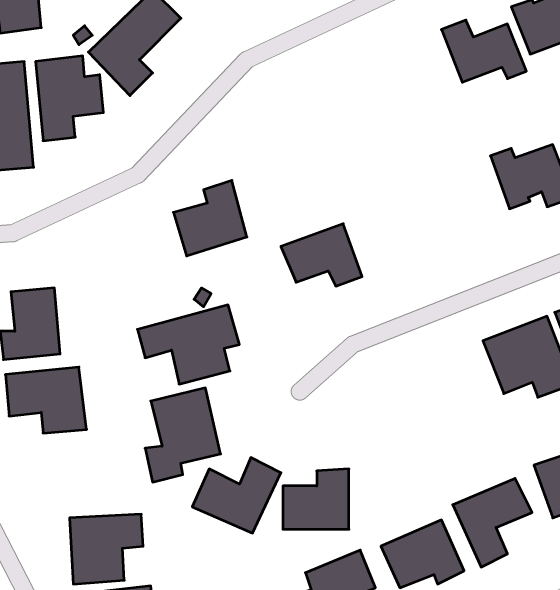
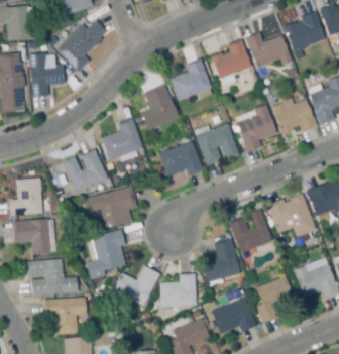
building: none -> [211,40,250,78]
building: none -> [172,60,212,101]
building: none -> [139,85,178,130]
building: none -> [234,105,275,152]
building: none -> [194,123,239,166]
building: none -> [62,149,108,194]
building: none -> [230,209,270,251]
building: none -> [202,239,238,282]
building: none -> [26,258,78,296]

